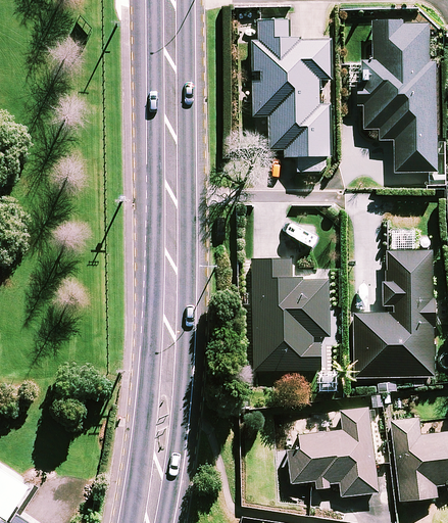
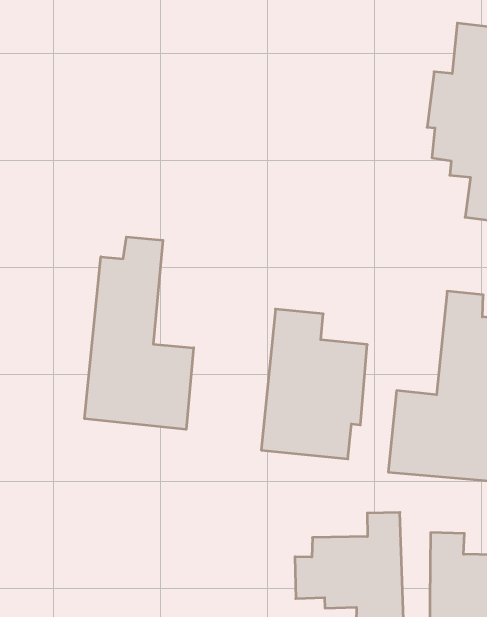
building: [252,18,330,171] -> none
building: none -> [85,237,194,429]

